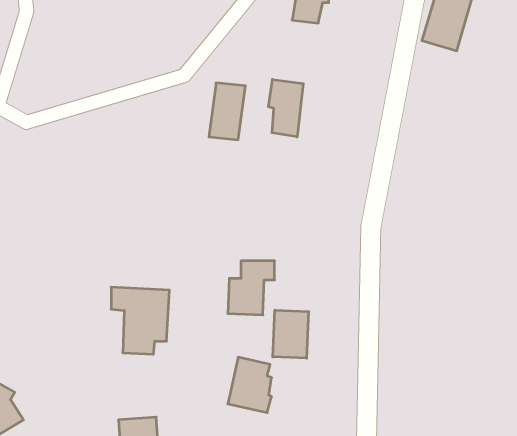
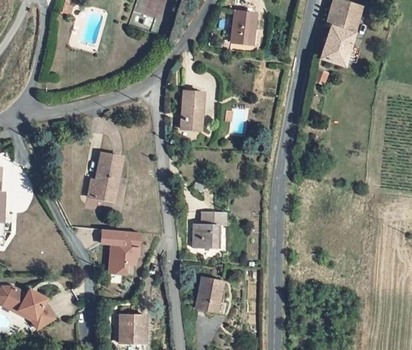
building: [268,79,303,137] -> none
building: none -> [85,149,121,198]
building: [273,310,309,358] -> none

